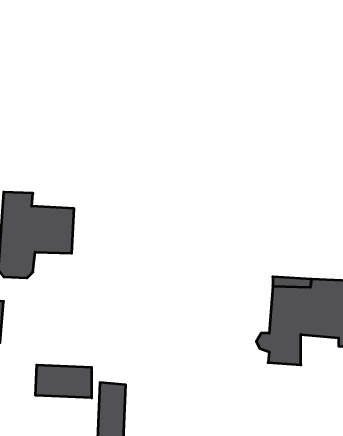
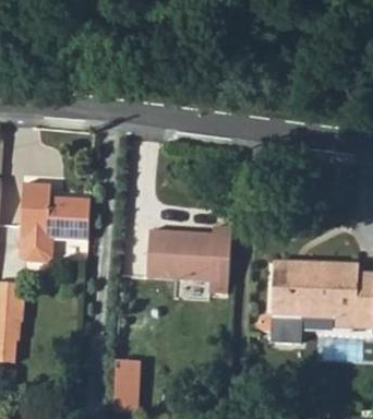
building: none -> [145,228,231,292]
building: [36,365,92,398] -> none

